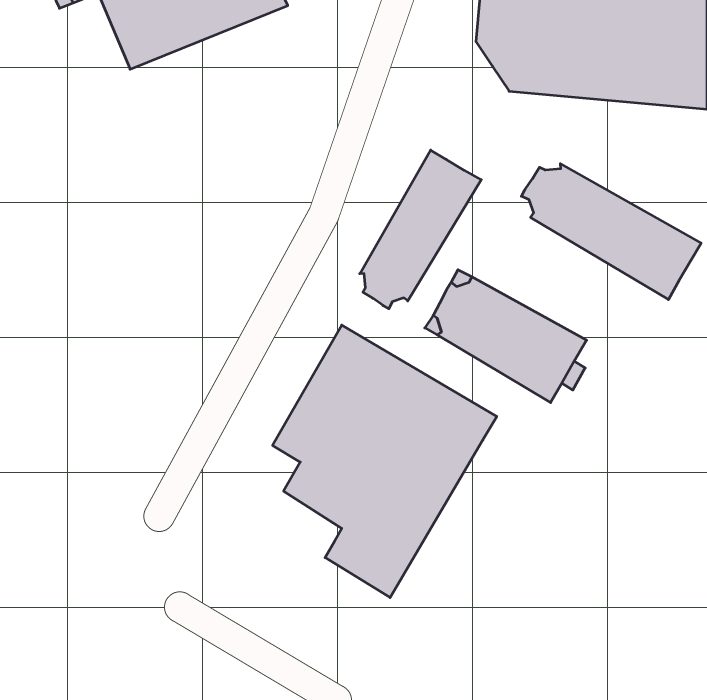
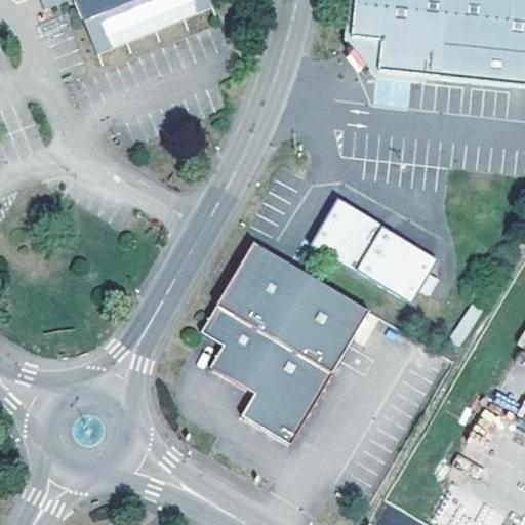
building: [360,150,481,309] -> none
building: [521,164,701,300] -> none

